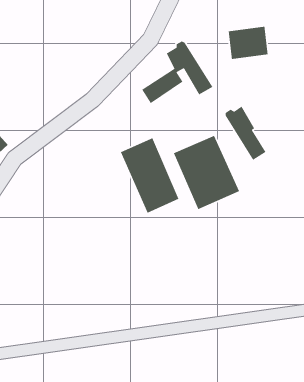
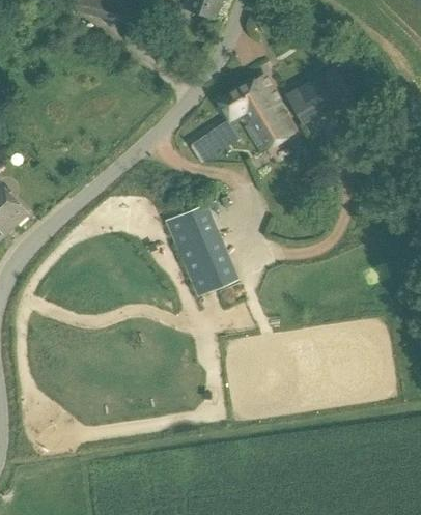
building: [225,106,266,161] -> [244,76,294,143]
building: [173,135,240,210] -> none

